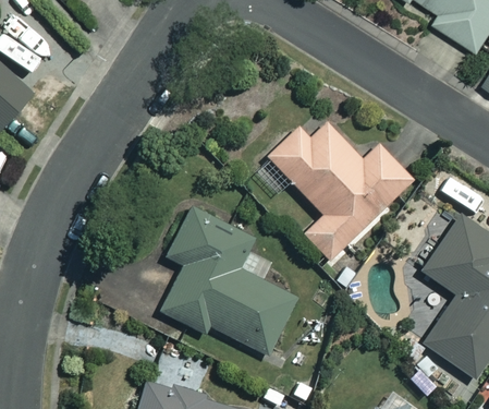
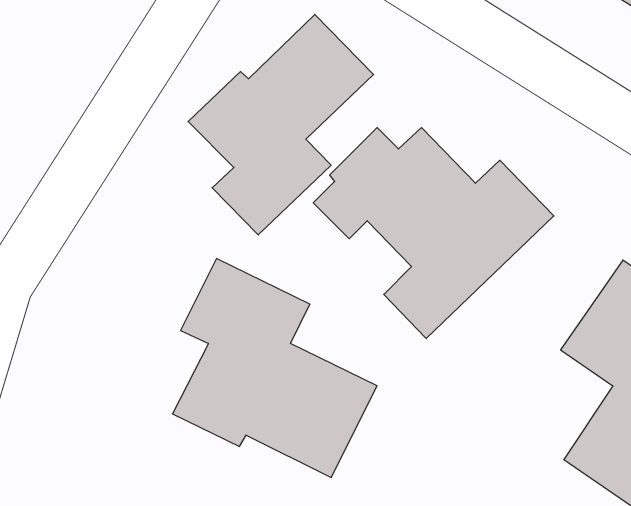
building: none -> [188,14,374,235]

